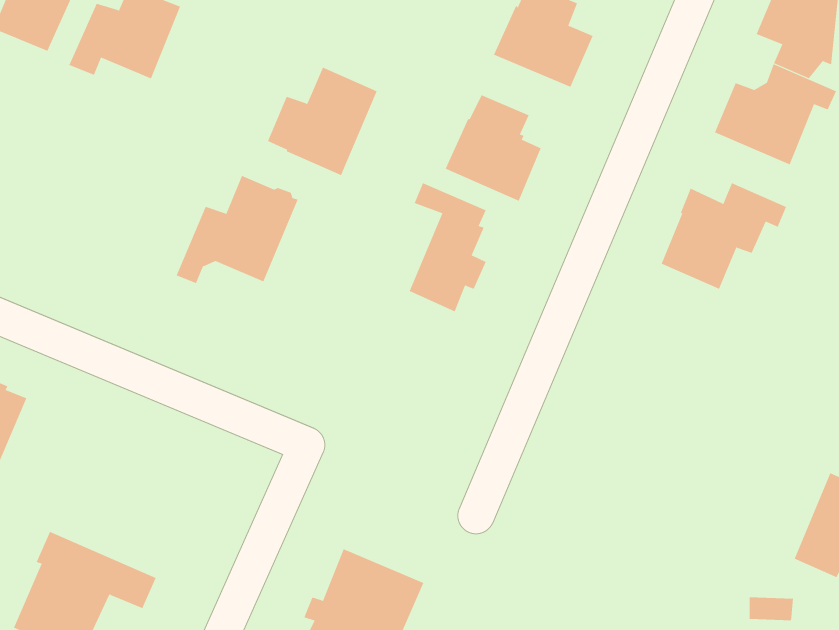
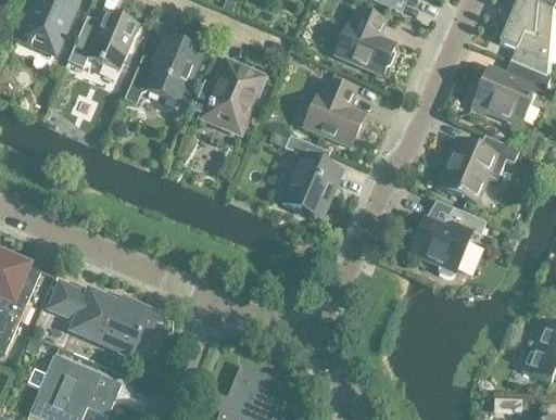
building: [176,175,298,284] -> [124,36,201,104]
building: none -> [409,207,486,277]
building: none -> [58,288,159,355]

